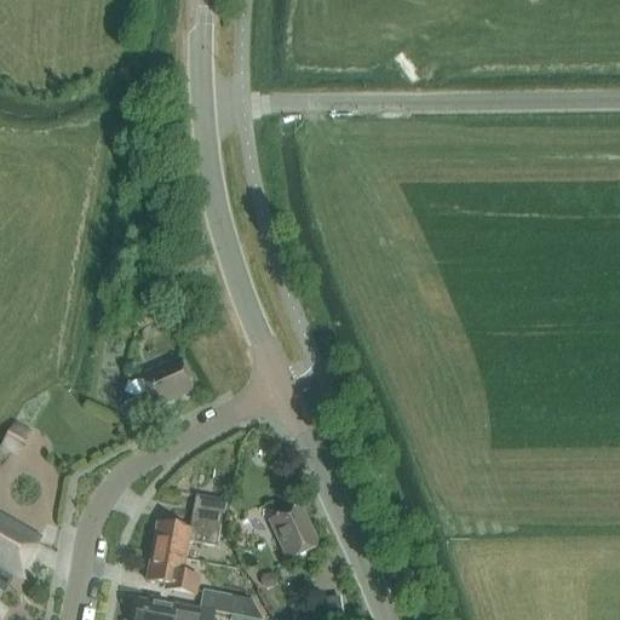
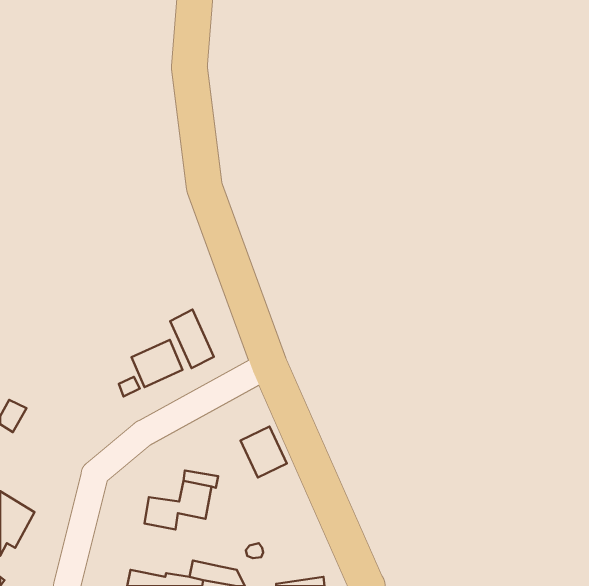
building: none -> [170,310,214,368]
building: [270,504,318,557] -> [241,426,287,477]
building: [147,549,197,592] -> none

